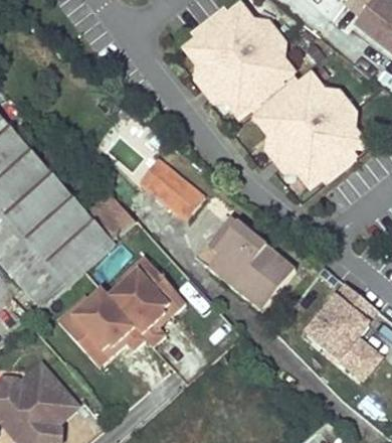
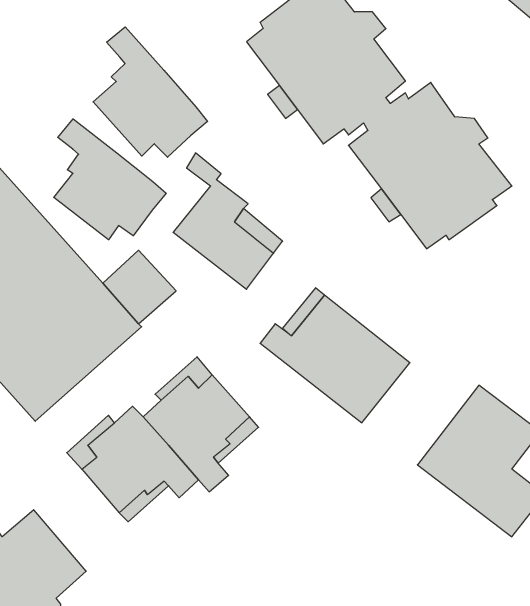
building: none -> [93,27,208,157]
building: none -> [54,119,166,240]

